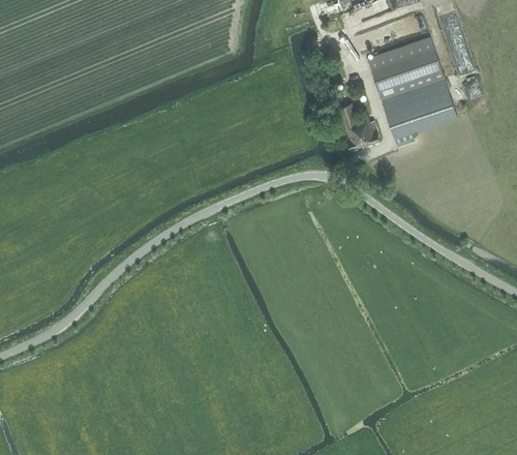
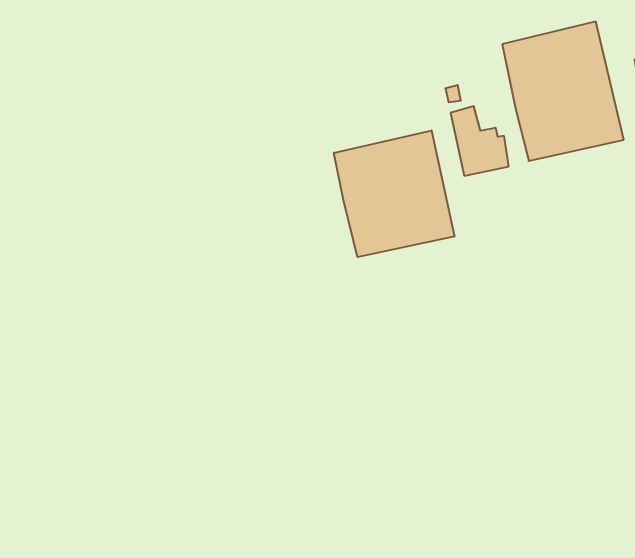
building: none -> [334,130,454,257]

